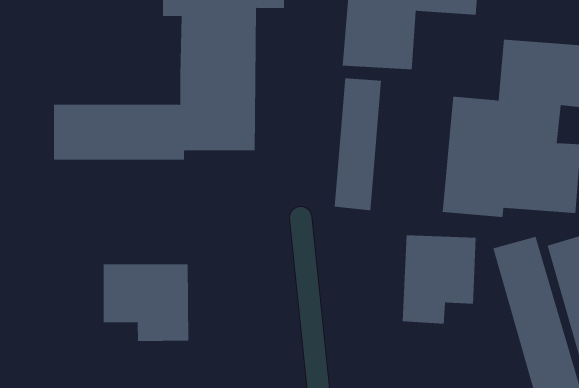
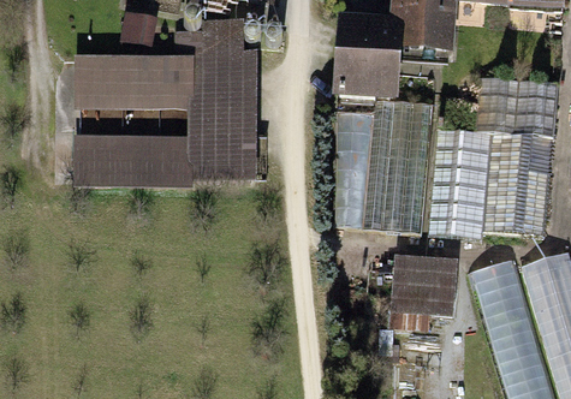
building: none -> [73,54,189,108]
building: none -> [361,105,432,236]
building: [103,263,189,342] -> none

